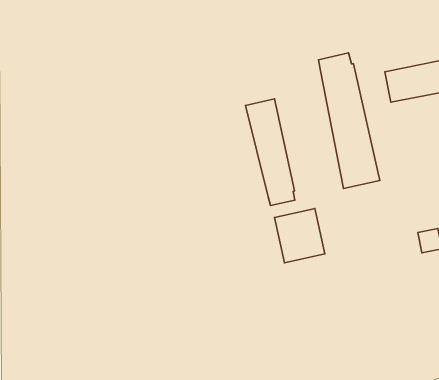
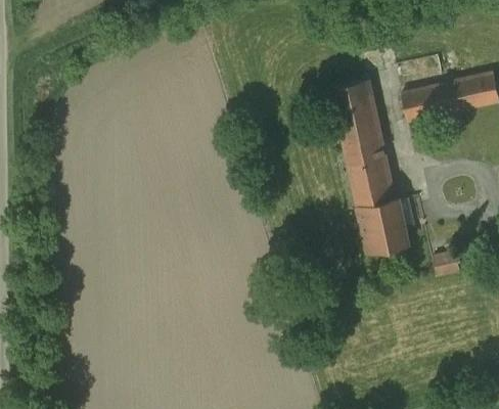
building: [245,99,295,205] -> none
building: [275,209,325,263] -> [359,201,410,257]

